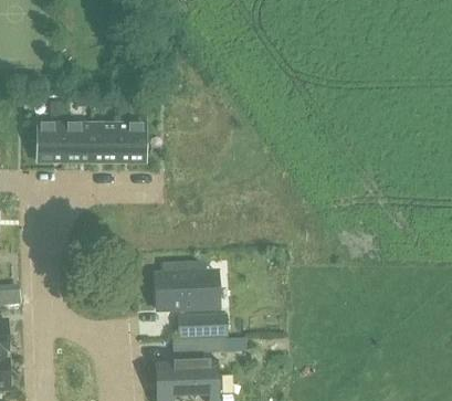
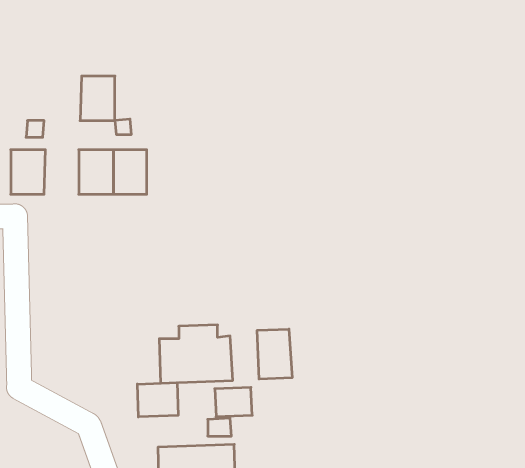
building: [61,123,88,158] -> [80,76,115,121]
building: none -> [257,329,292,379]
building: none -> [137,383,178,417]

